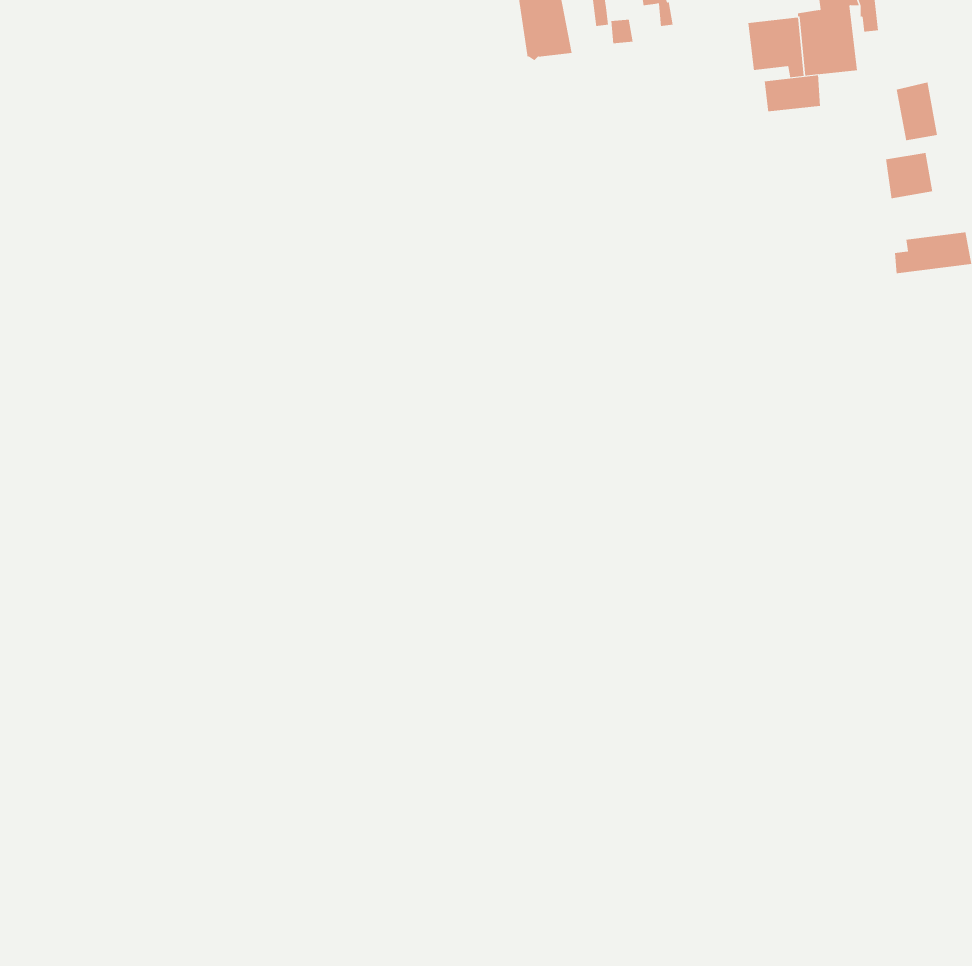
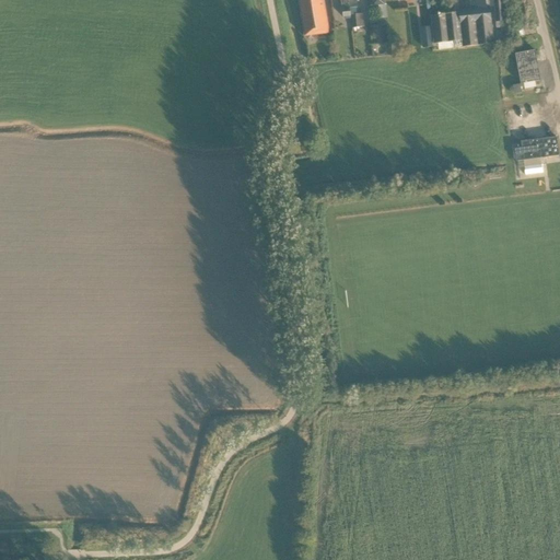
building: [764,75,820,112] -> none
building: [886,152,933,199] -> none

